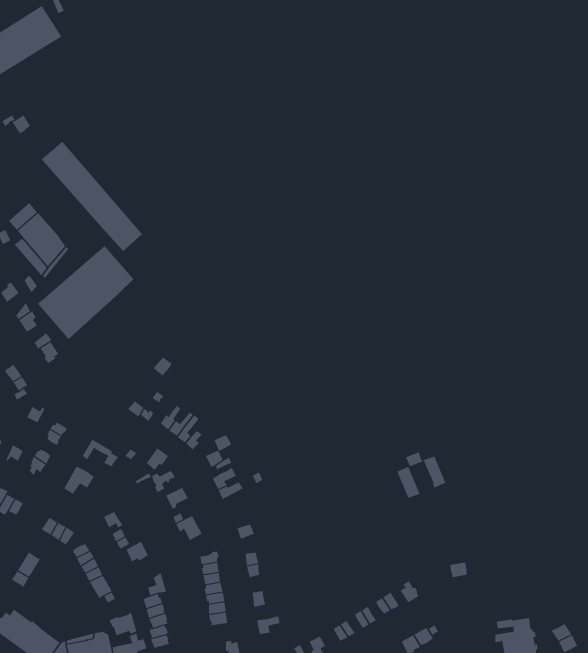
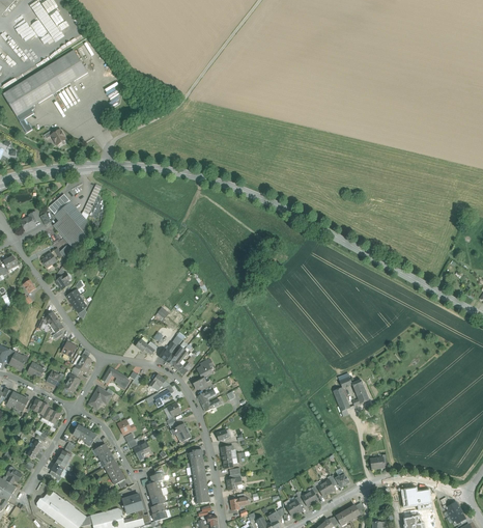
building: [41,141,143,252] -> none
building: [37,245,134,340] -> none

